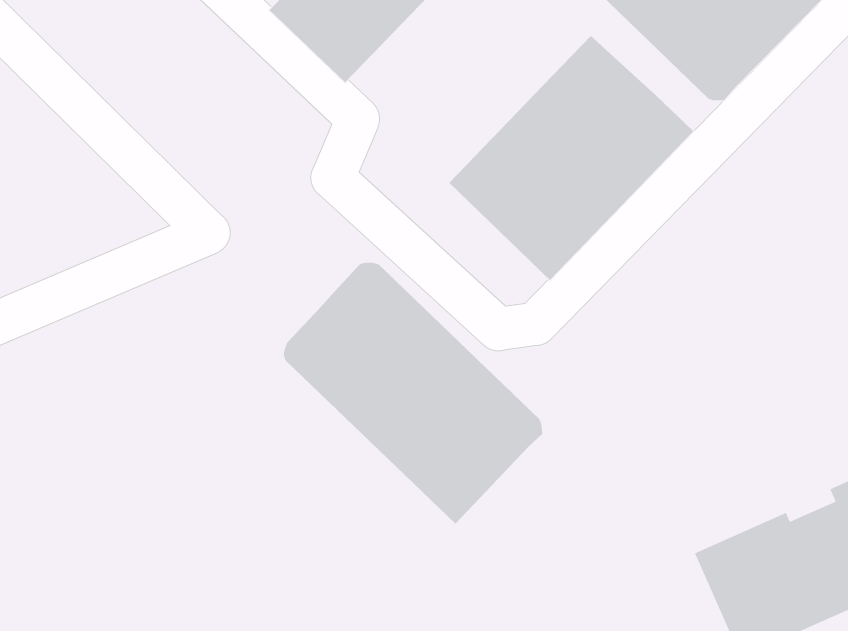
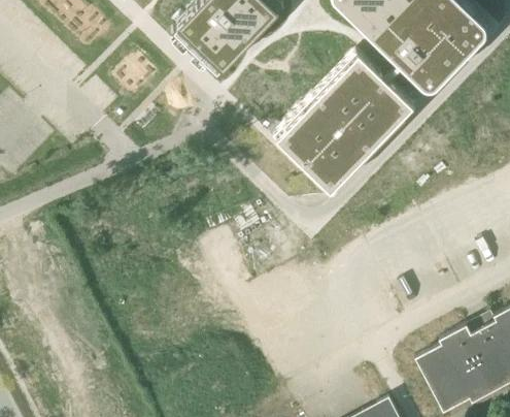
building: [283,262,543,525] -> none

